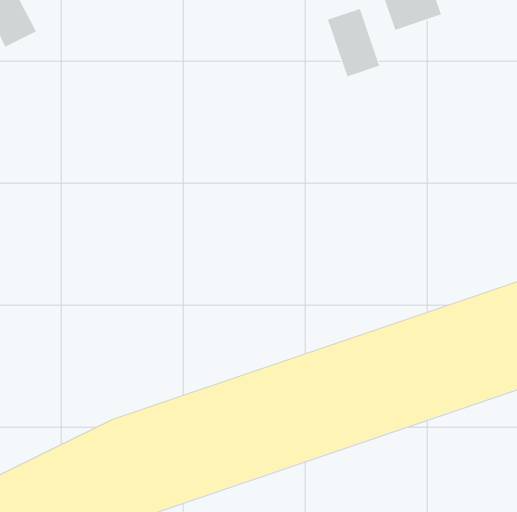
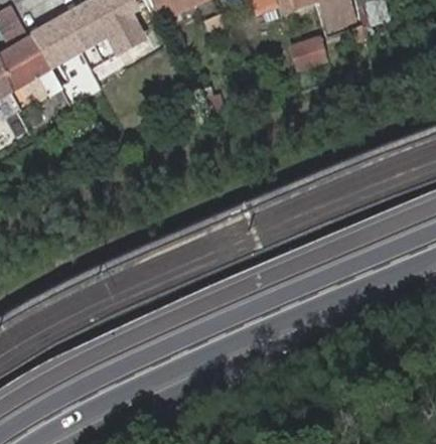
building: [327,8,380,77] -> none

